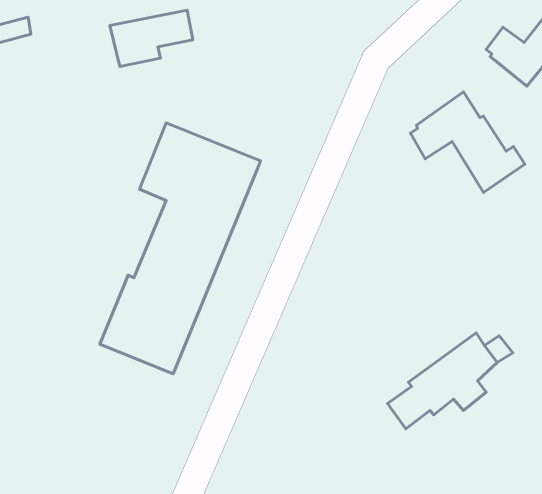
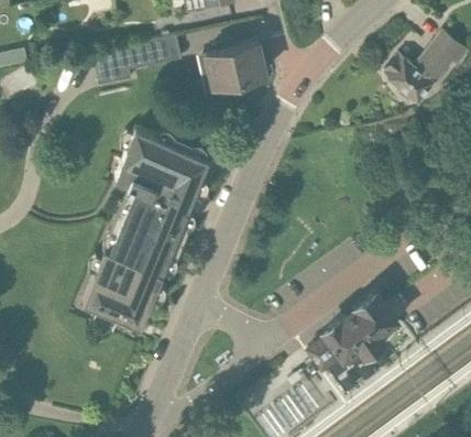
building: none -> [207,41,266,86]
building: [410,92,525,193] -> none

